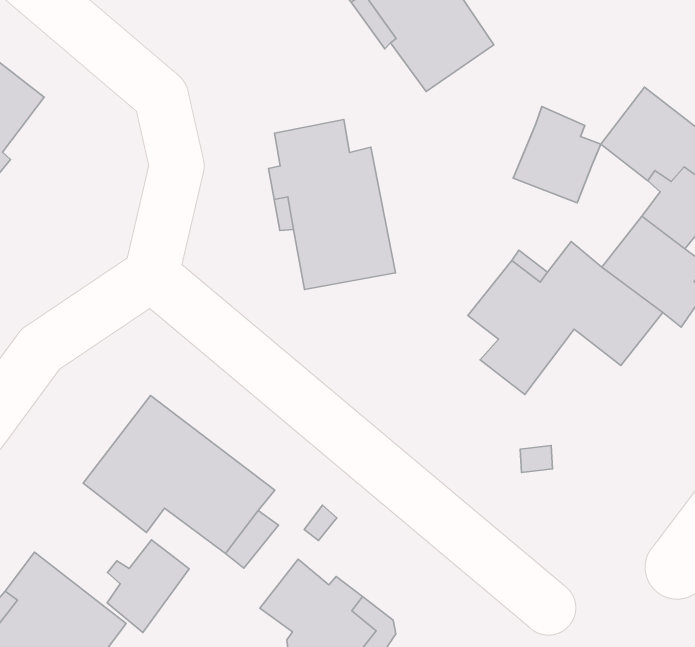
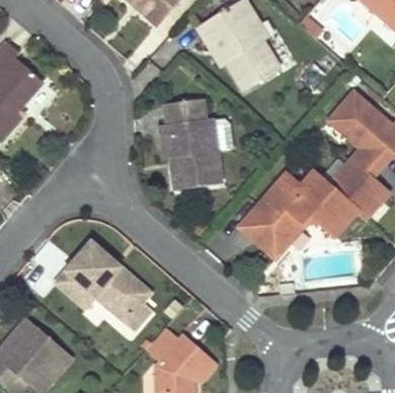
building: [513,107,601,203] -> none
building: none -> [240,207,285,259]
building: [107,540,189,632] -> none

